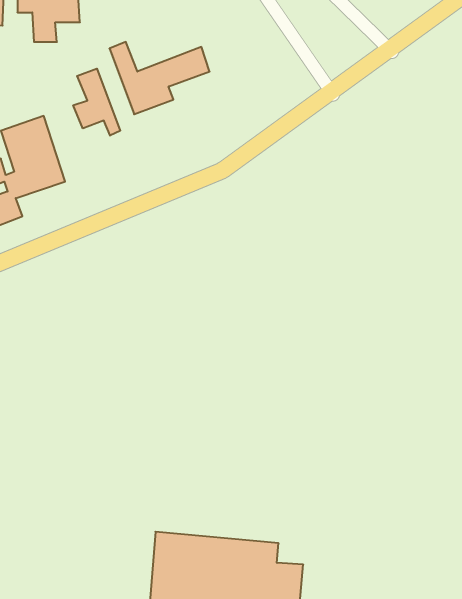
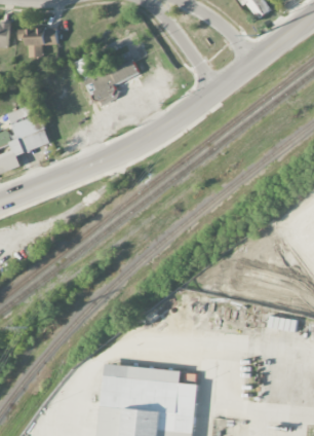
building: [73,69,120,136] -> none

